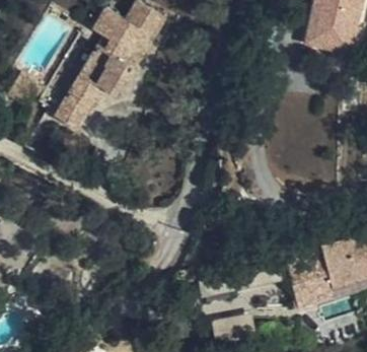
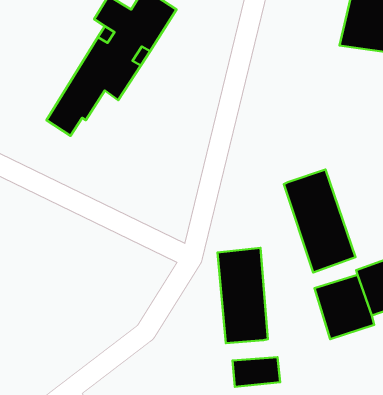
building: none -> [284,170,356,273]
building: none -> [218,248,268,343]

